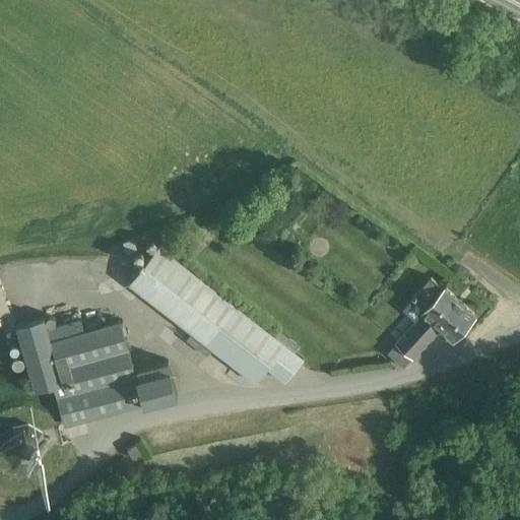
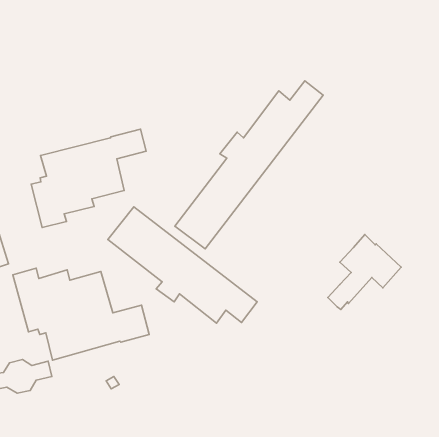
building: none -> [175,81,323,249]
building: none -> [31,129,146,227]

